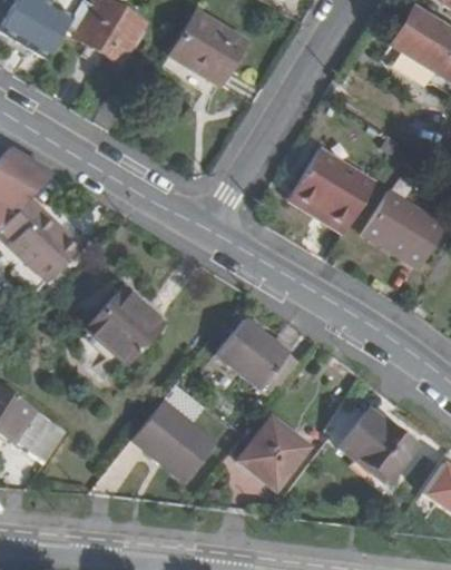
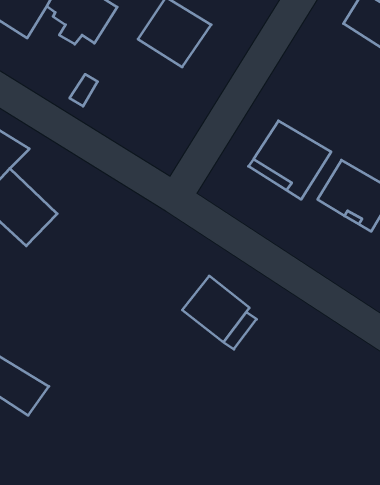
building: [87,288,164,364] -> none
building: [134,397,216,478] -> none
building: [341,407,416,480] -> none
building: [237,416,306,488] -> none

